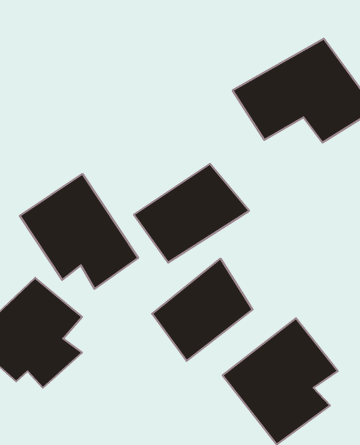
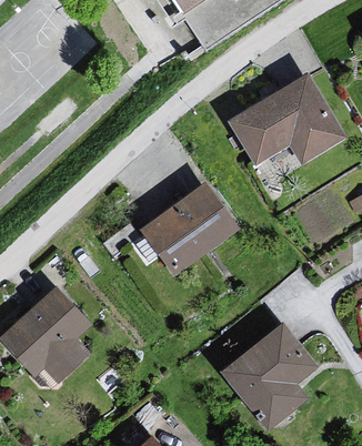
building: [20,174,138,289] -> none
building: [152,259,253,361] -> none

